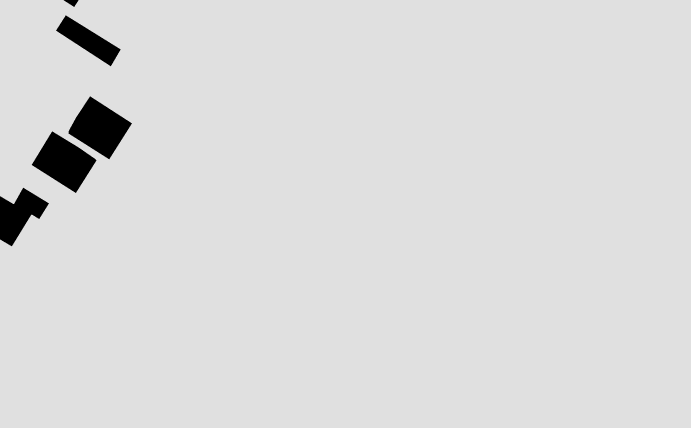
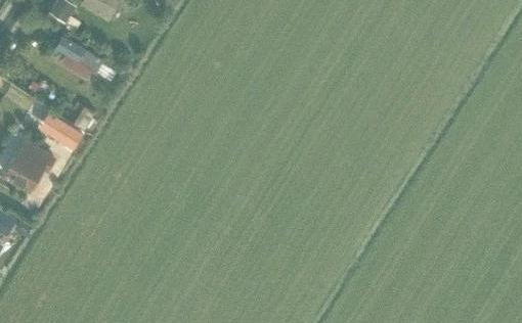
building: [67,95,133,160] -> none

